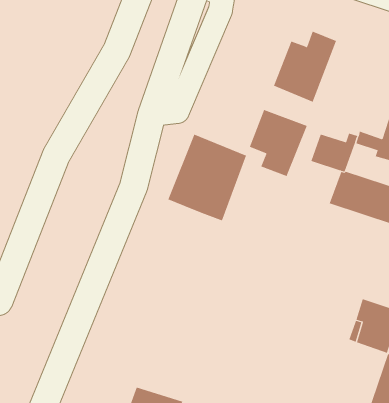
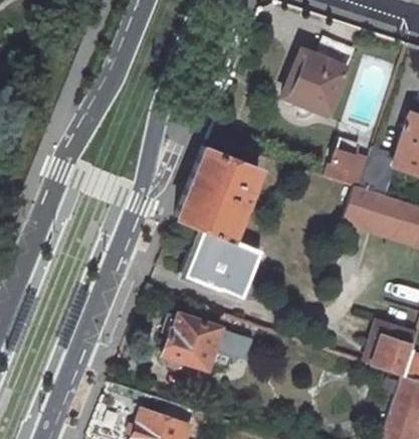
building: [249,109,308,177] -> none
building: none -> [185,227,260,298]
building: none -> [166,315,256,370]

